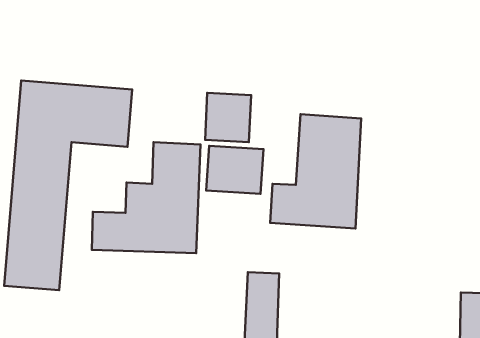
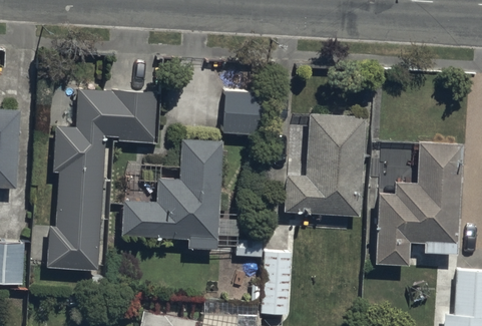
building: none -> [375,138,463,268]
building: [206,146,263,194] -> none

